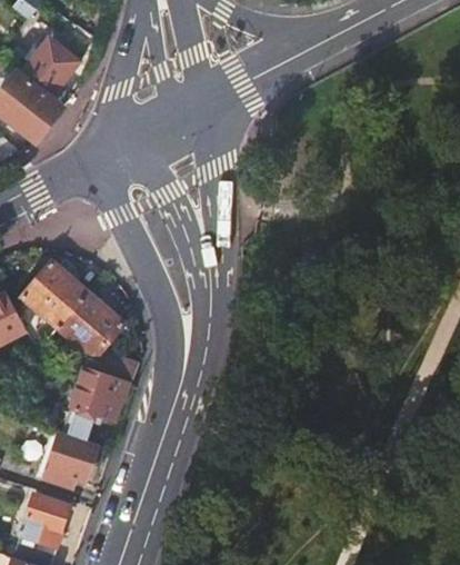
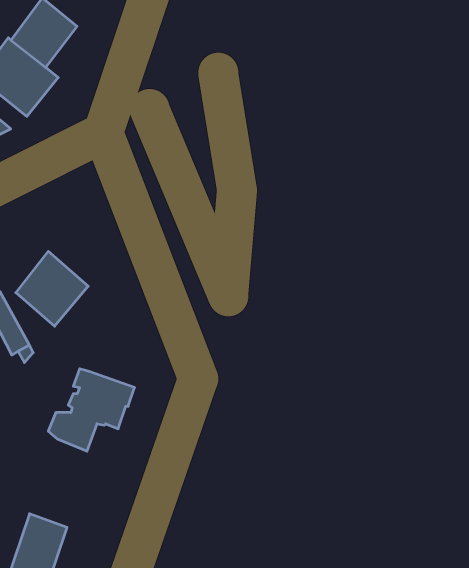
building: [58,293,134,383] -> none
building: [36,425,99,488] -> none

